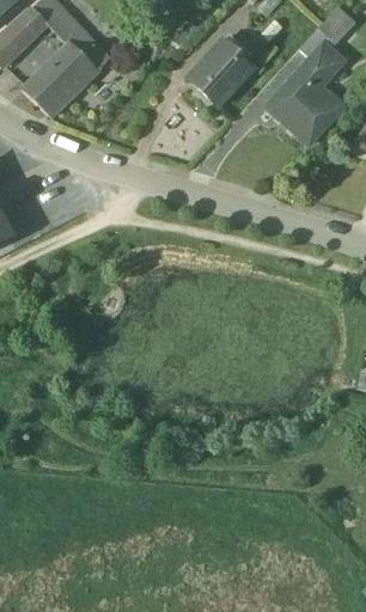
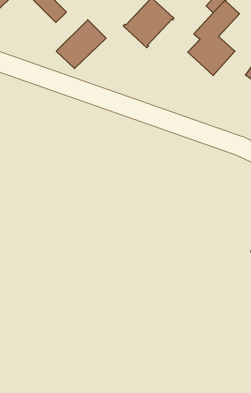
building: [25,45,93,112] -> [56,20,106,69]

